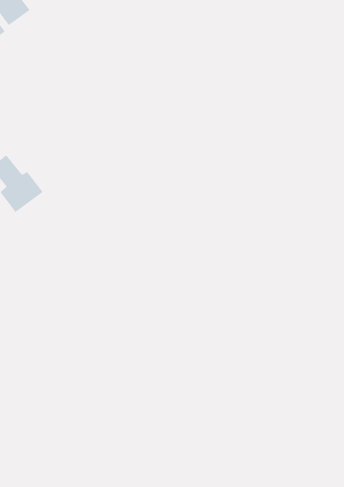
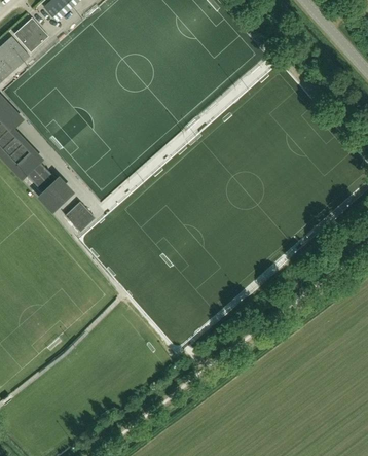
building: none -> [64,201,95,232]

